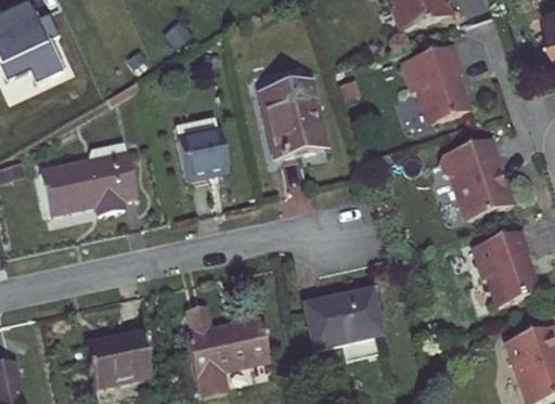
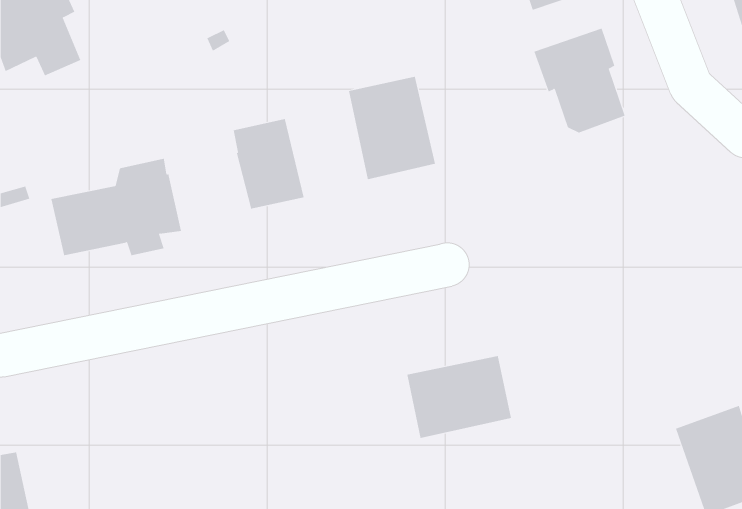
building: [437,138,512,219] -> none
building: [470,230,537,307] -> none
building: [186,304,270,396] -> none
building: [86,333,151,387] -> none

